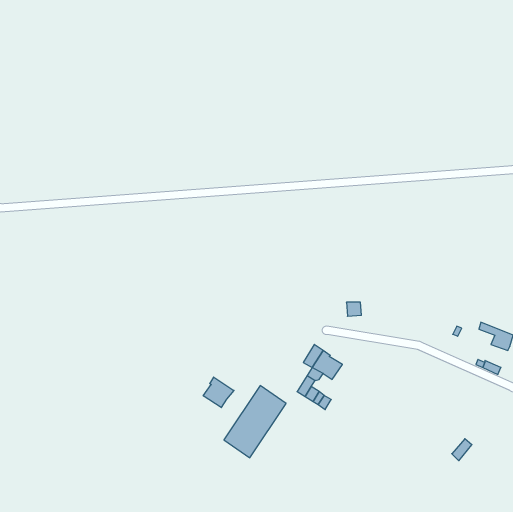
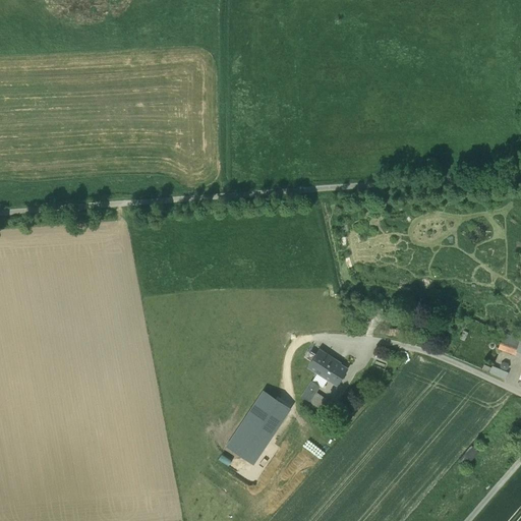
building: [203,377,234,408] -> none

